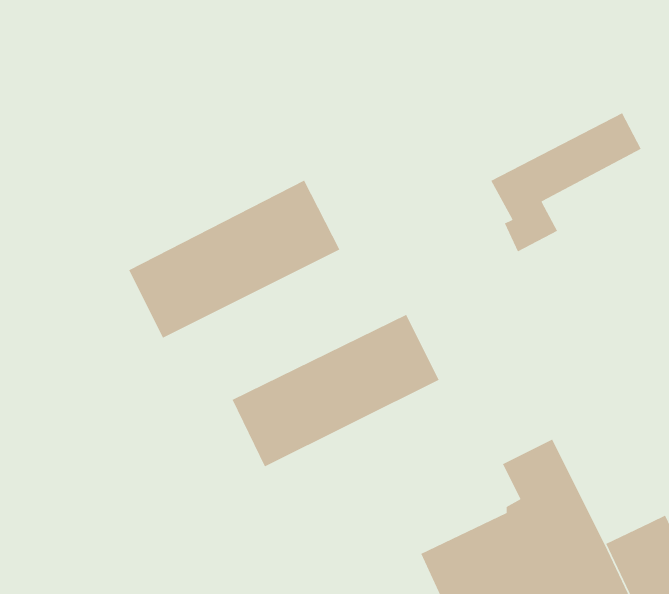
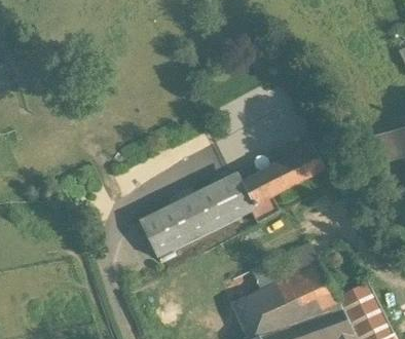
building: [490,112,642,253] -> [241,149,321,223]
building: [128,180,340,339] -> none

